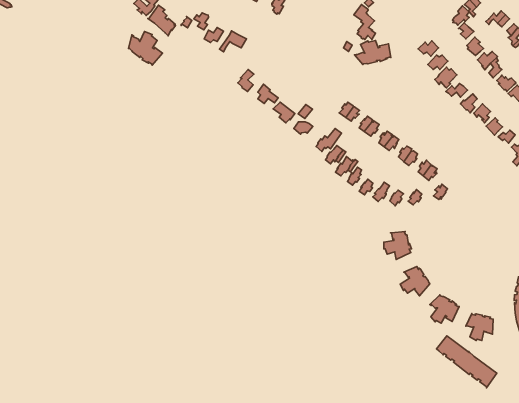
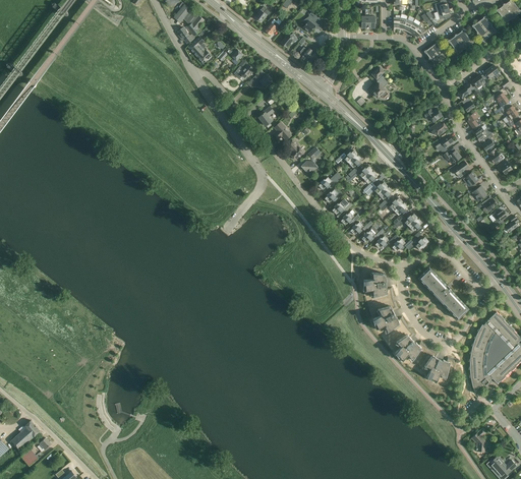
building: [128,32,162,65] -> none
building: [355,41,391,65] -> none
building: [436,336,497,388] -> [418,267,468,319]

